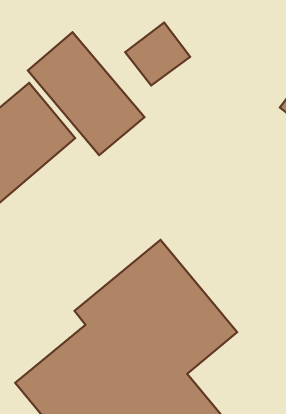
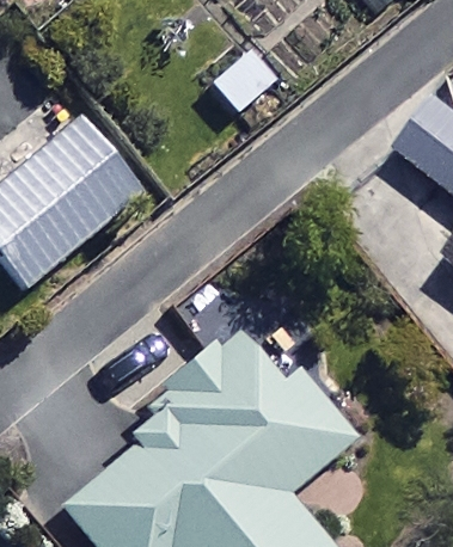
building: [28,32,145,155] -> none

